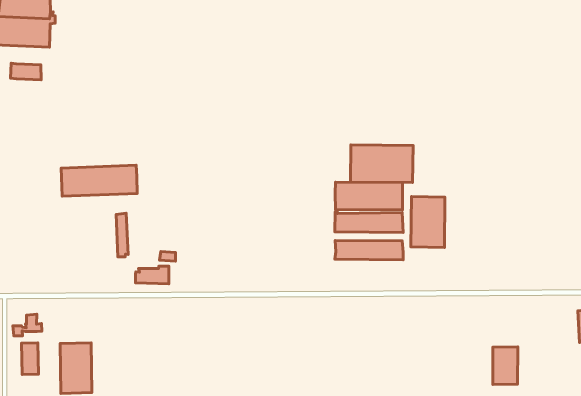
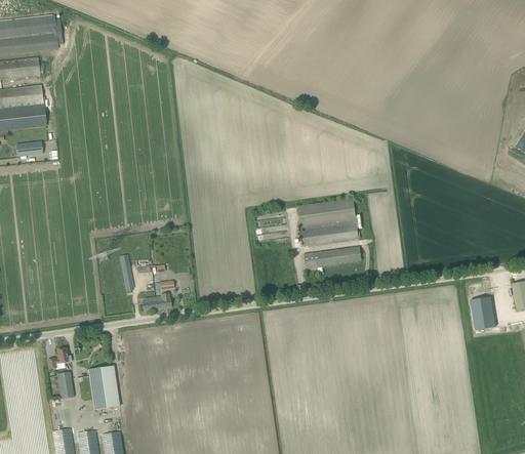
building: [350,145,413,183] -> none
building: [61,165,137,196] -> none
building: [411,196,445,247] -> none
building: [493,347,518,384] -> [471,296,495,330]

